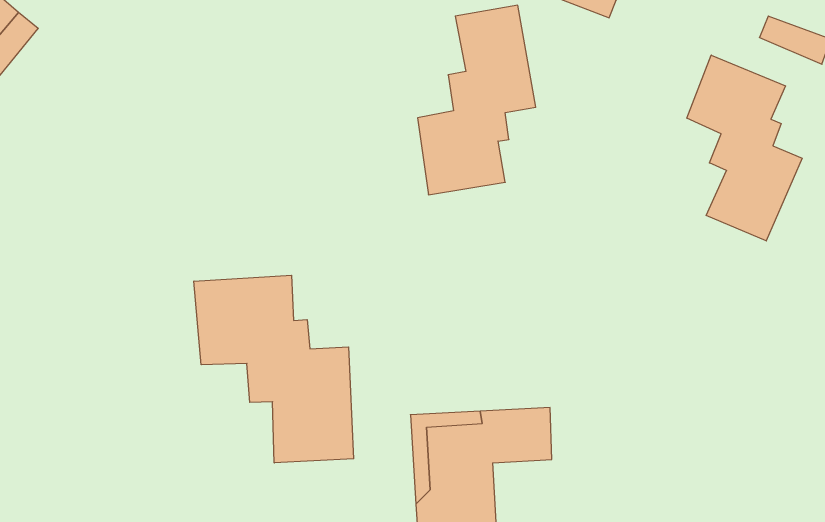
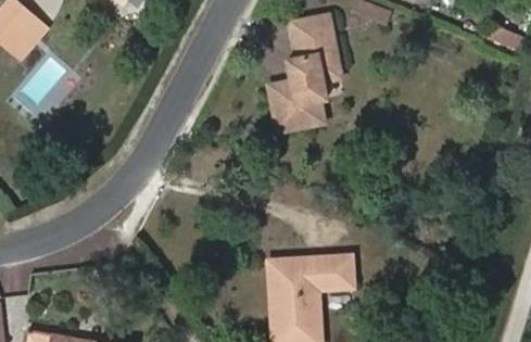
building: [687,55,802,241] -> none
building: [194,275,354,463] -> none

